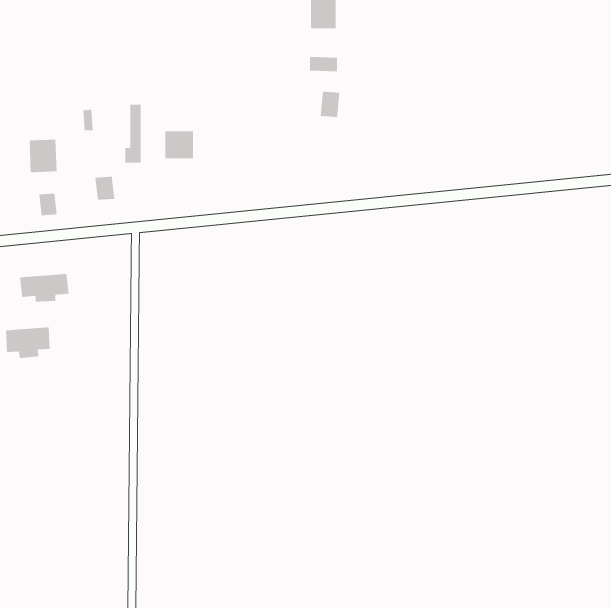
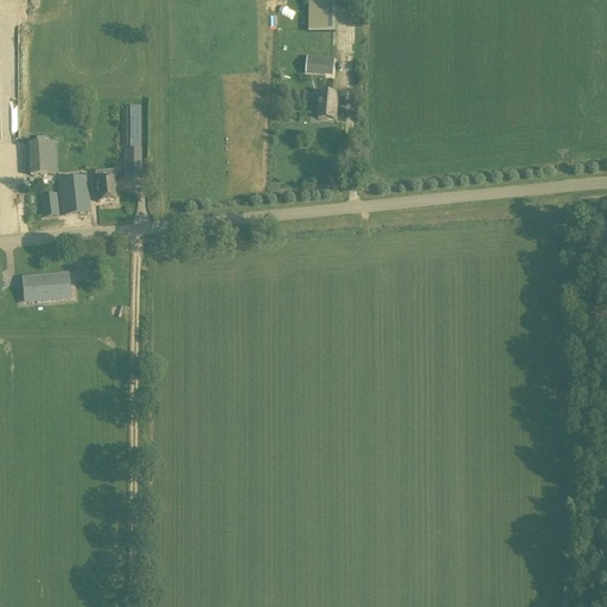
building: [165,130,194,159] -> none
building: none -> [56,173,89,211]
building: [5,327,50,359] -> none

